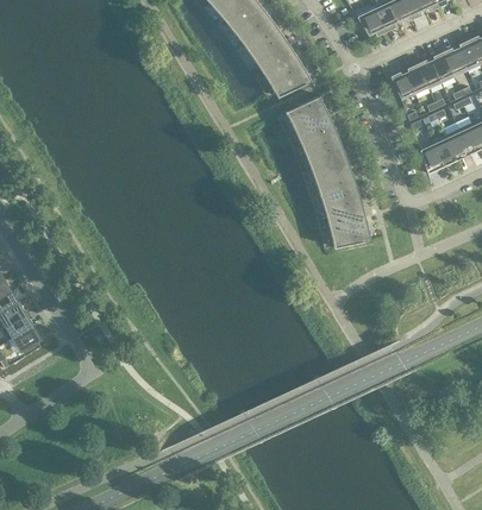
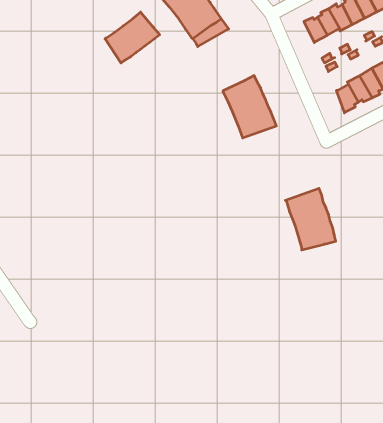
building: none -> [105,12,160,63]
building: [284,95,334,144] -> none
building: [319,183,369,246] -> [285,188,336,250]

